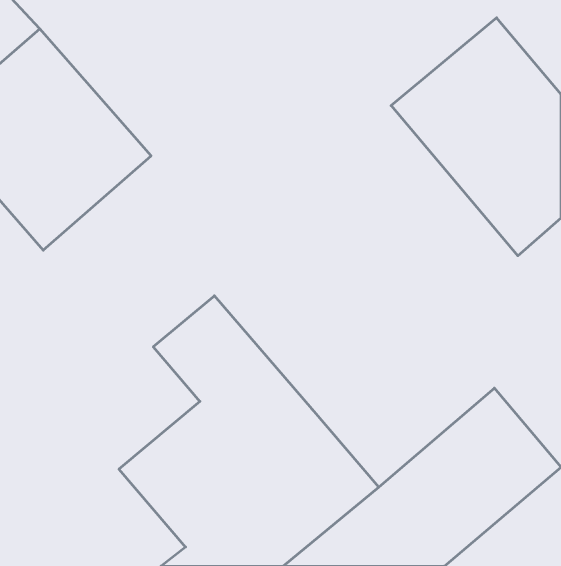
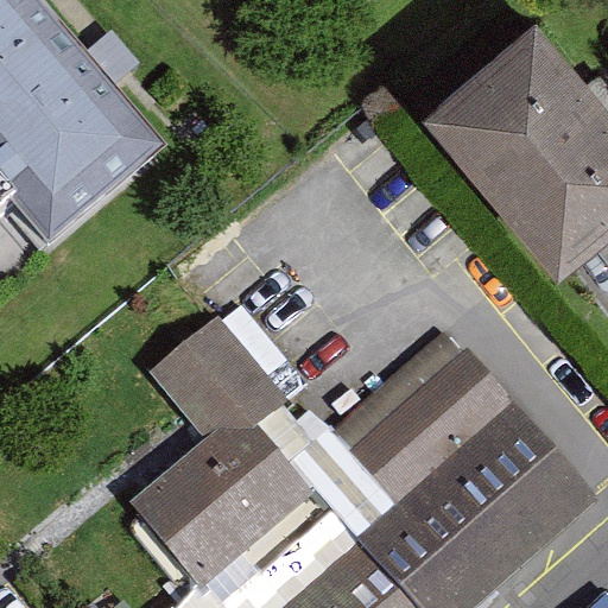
building: none -> [334,331,528,520]

